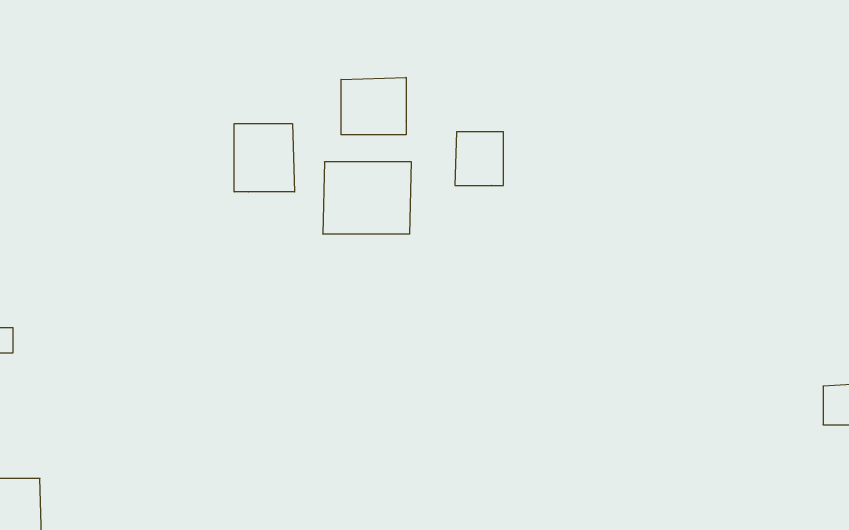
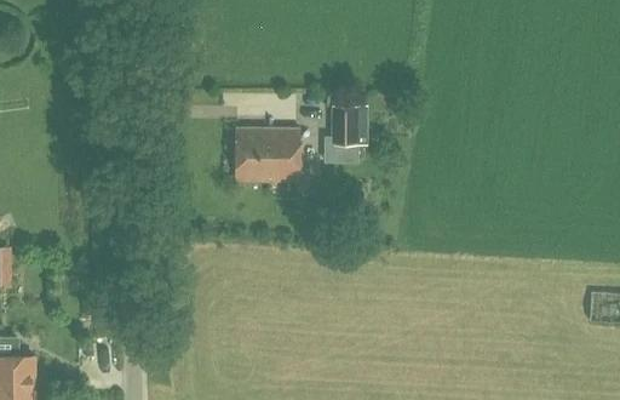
building: [341,77,406,135] -> none
building: [234,124,295,192] -> none

